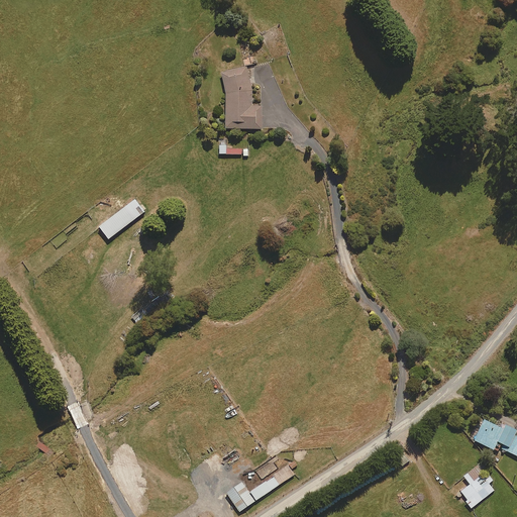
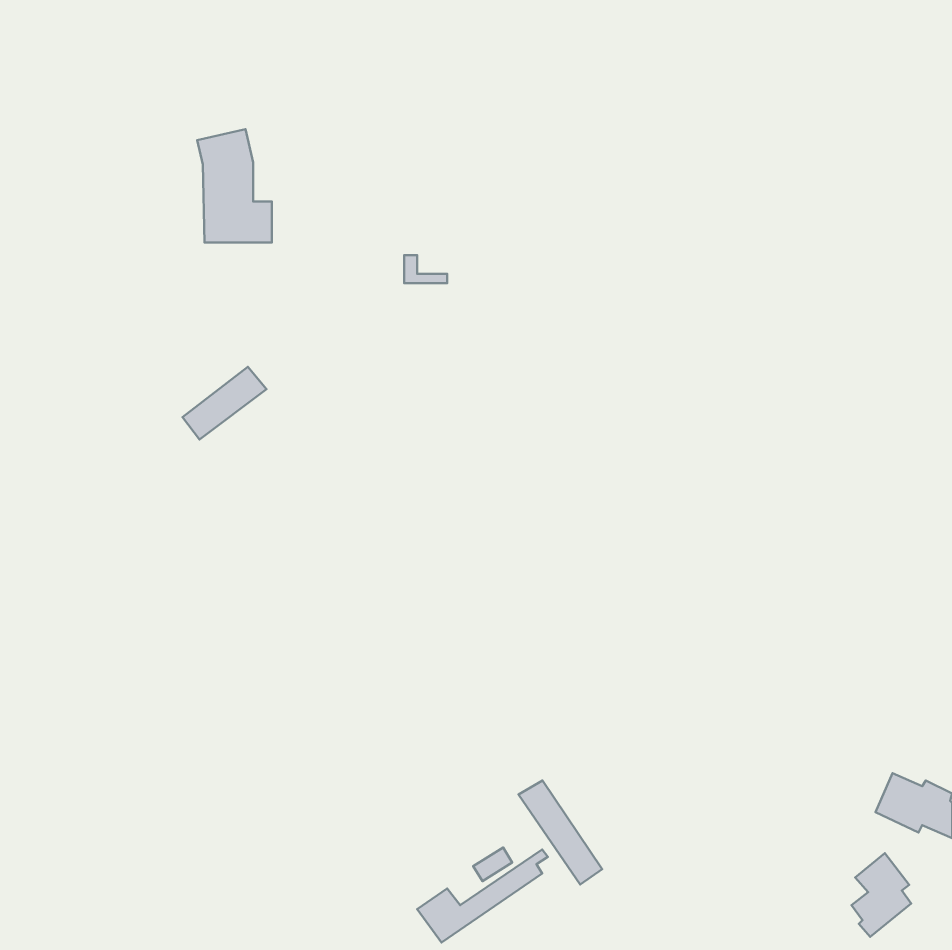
building: [221,67,262,128] -> [197,129,272,243]
building: none -> [518,780,602,884]

